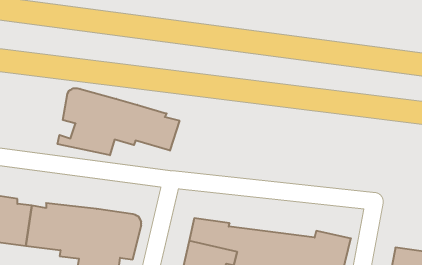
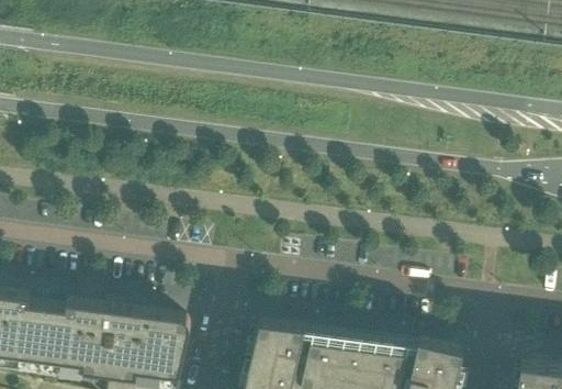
building: [58,88,179,155] -> none

